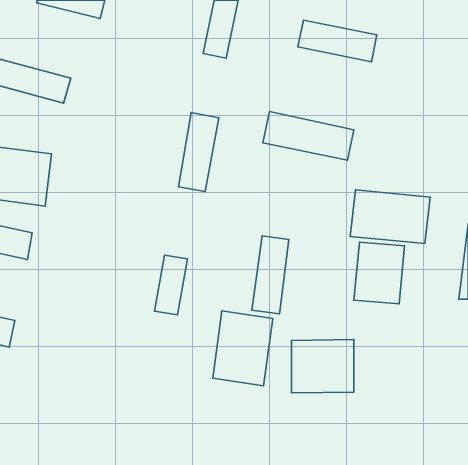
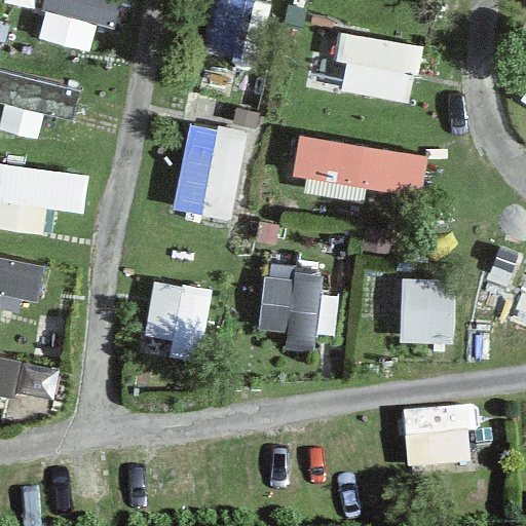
building: [350,190,430,244] -> none
building: [213,311,273,386] -> none
building: [291,340,354,393] -> [405,414,475,474]

